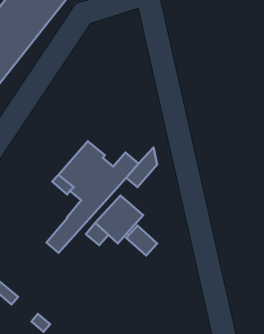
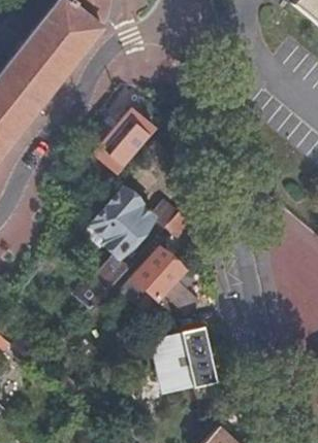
building: none -> [92,109,155,175]
building: none -> [157,326,216,386]

